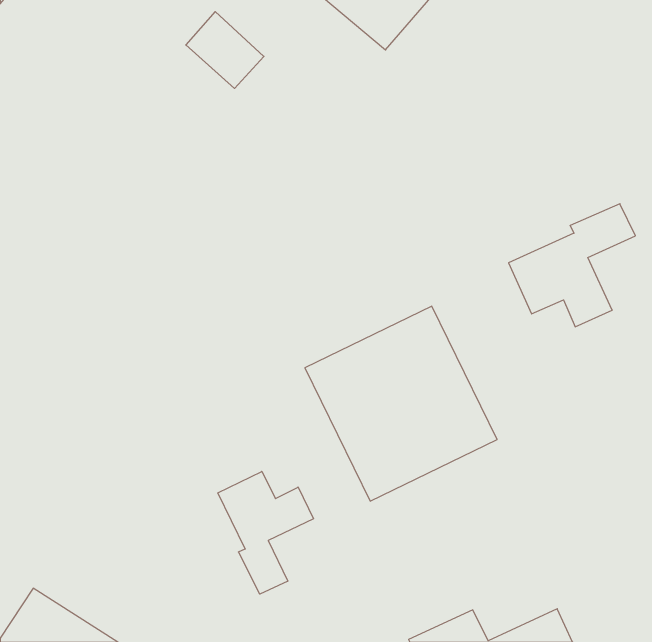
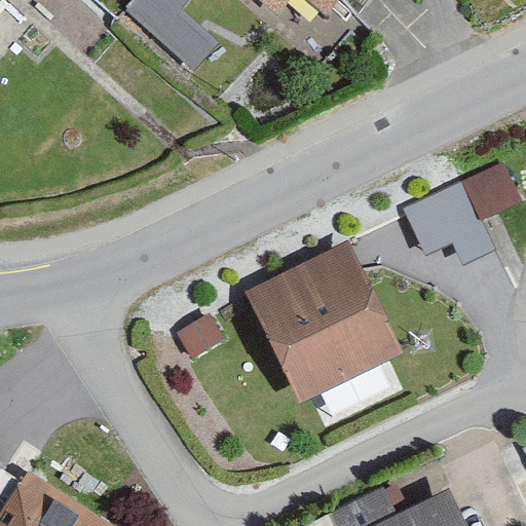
building: [218,471,314,594] -> none

